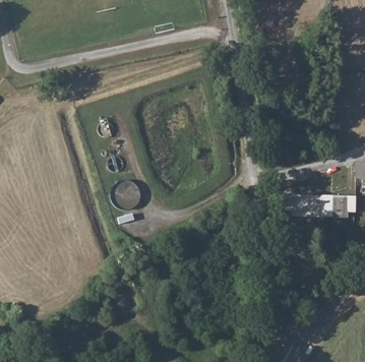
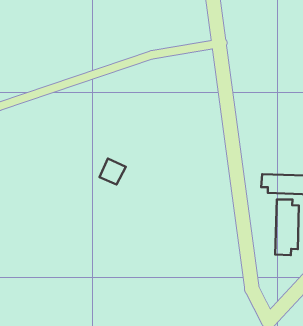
building: none -> [275,200,299,255]

